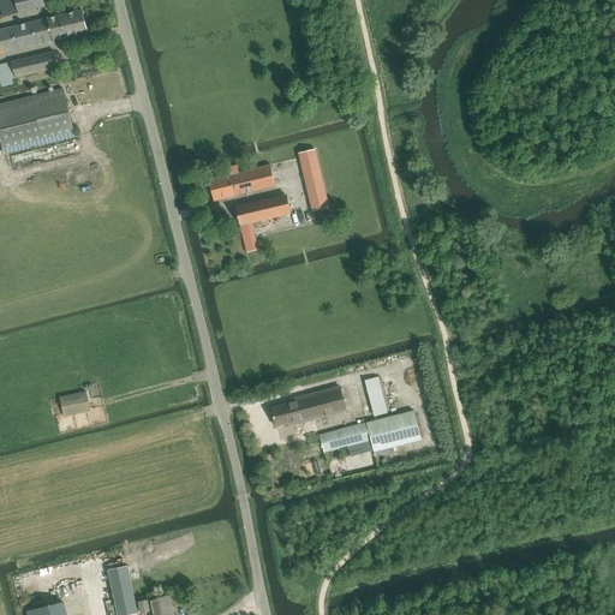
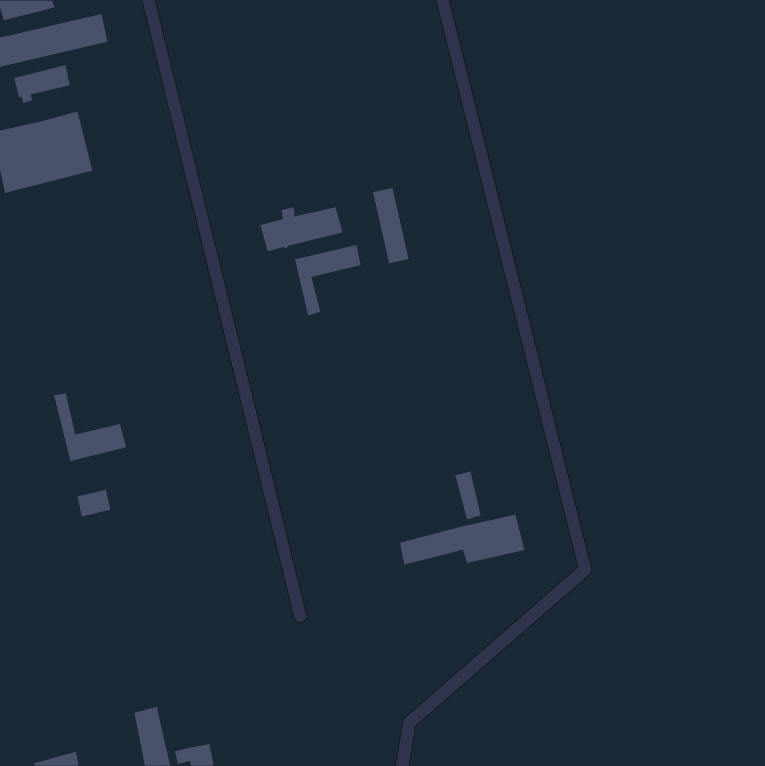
building: none -> [53,393,127,462]
building: [270,387,345,426] -> none

